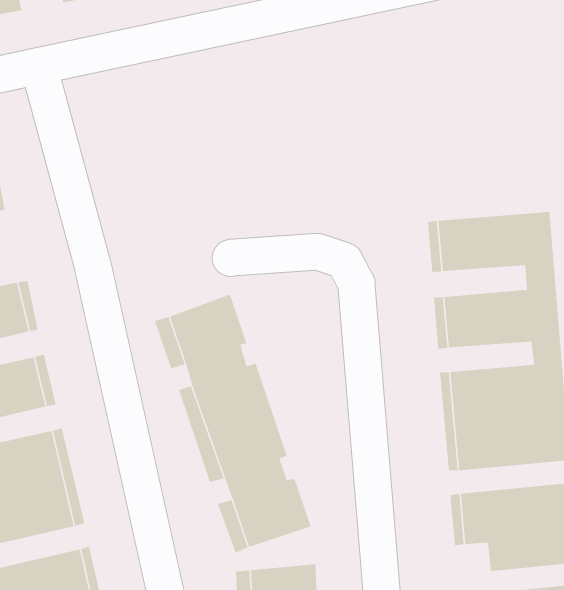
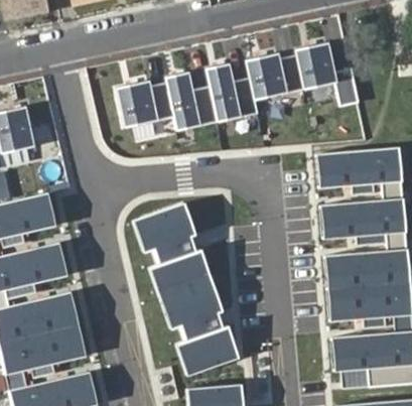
building: none -> [117,42,361,131]

